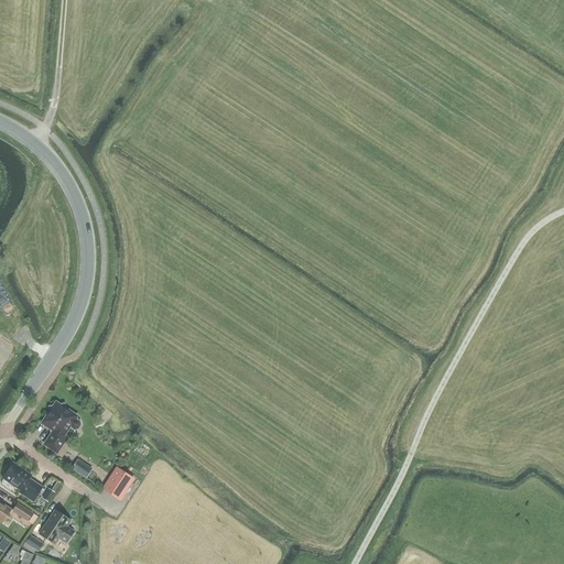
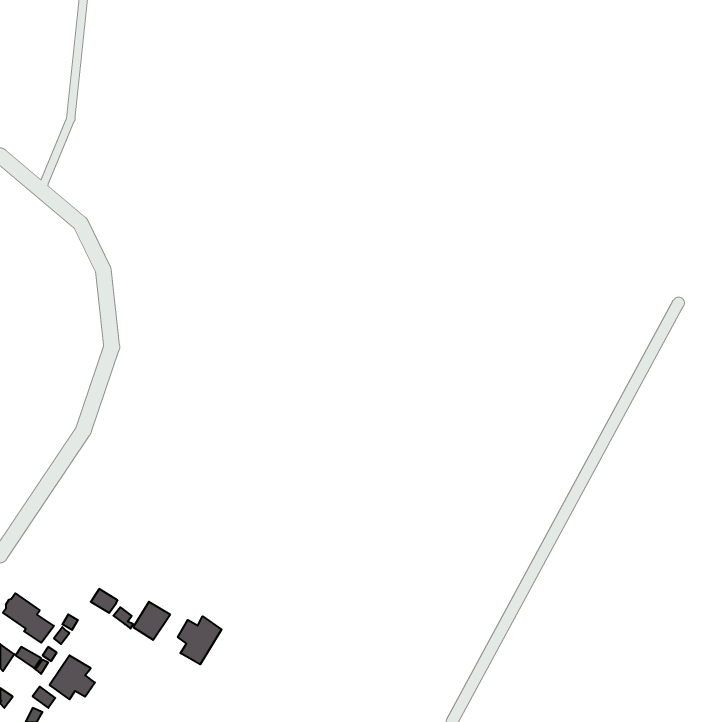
building: [42,402,80,452] -> none
building: none -> [178,616,222,664]

